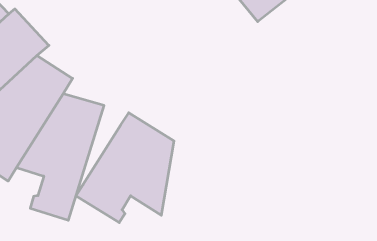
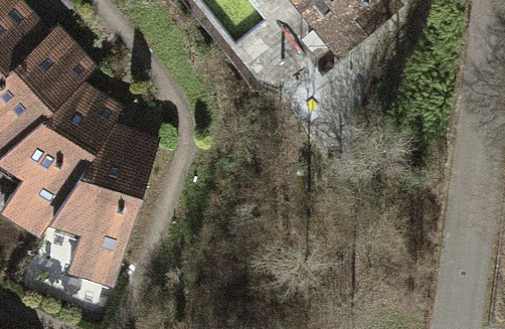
building: [76,113,174,223] -> none

